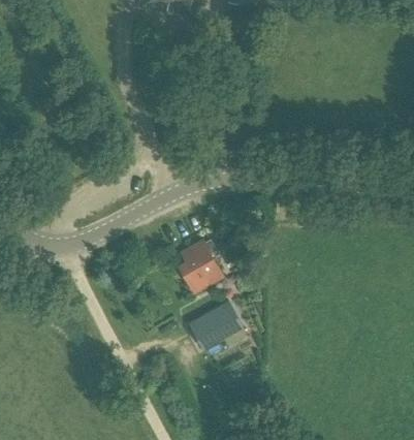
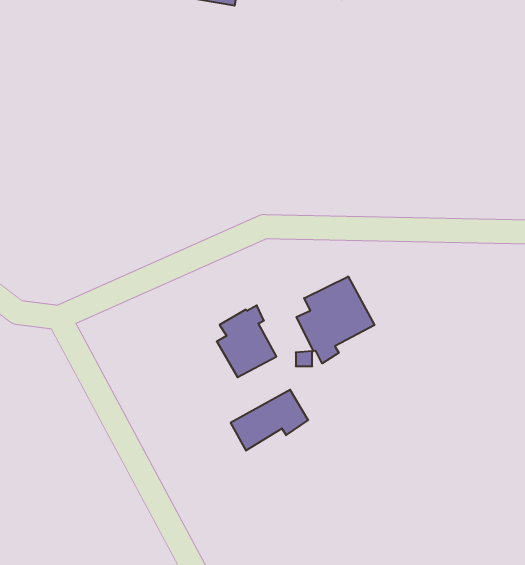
building: none -> [296,276,374,363]

